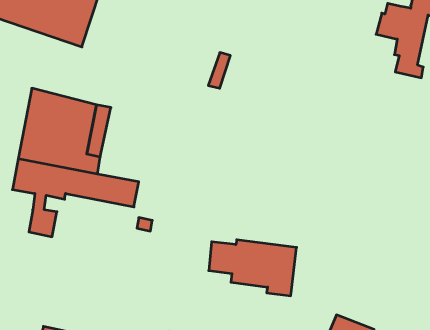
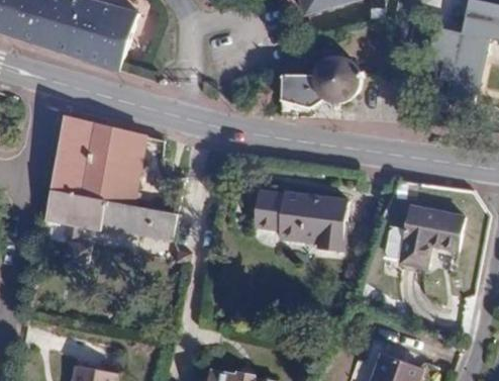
building: none -> [280,57,359,117]
building: none -> [400,205,464,268]
building: [209,240,297,296] -> [256,193,347,252]

